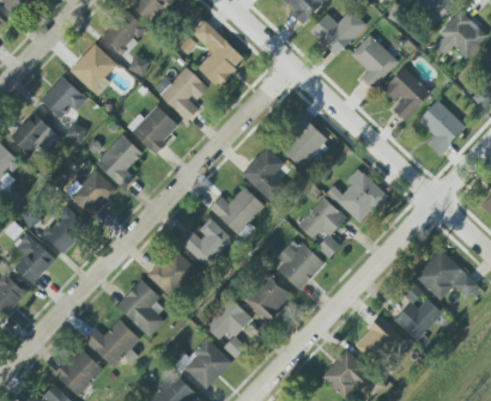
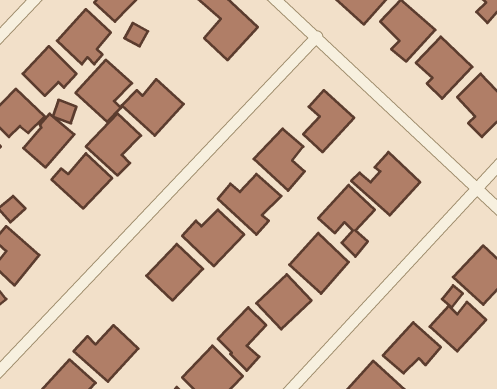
building: [159,67,208,121] -> [76,60,132,122]
building: [43,206,87,253] -> [23,114,74,167]
building: [116,280,165,336] -> none

